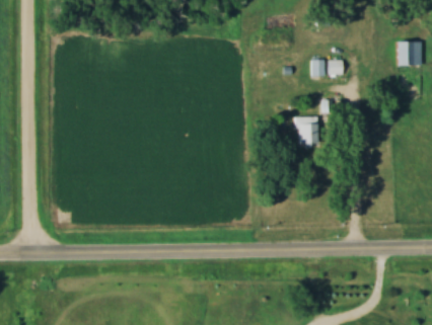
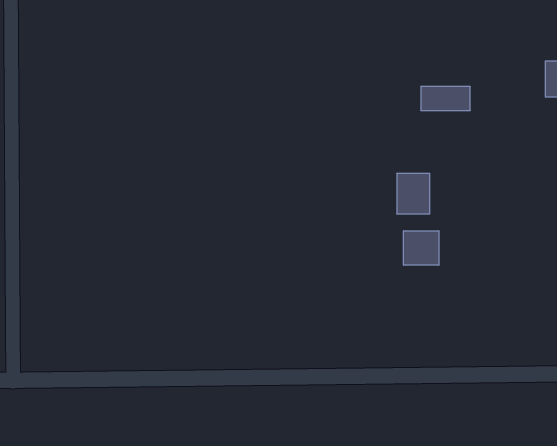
building: none -> [404,231,439,265]

